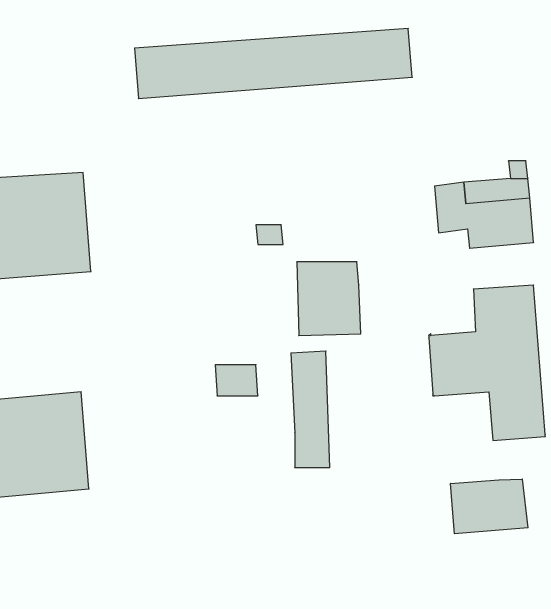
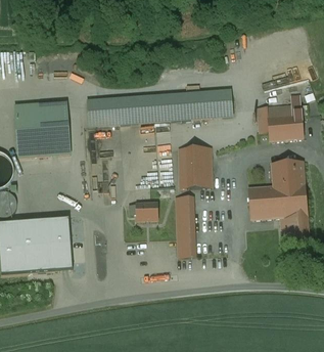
building: [135,29,412,99] -> [87,89,233,126]
building: [451,479,528,534] -> none

